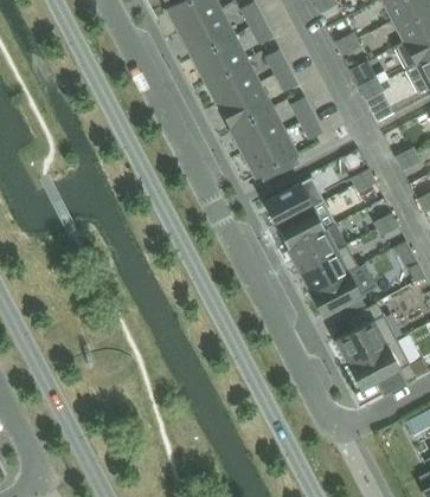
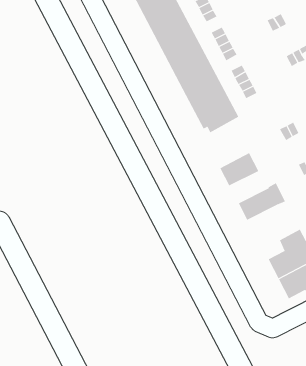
building: [264,178,325,226] -> none
building: [288,230,336,270] -> none
building: [310,272,360,315] -> none

